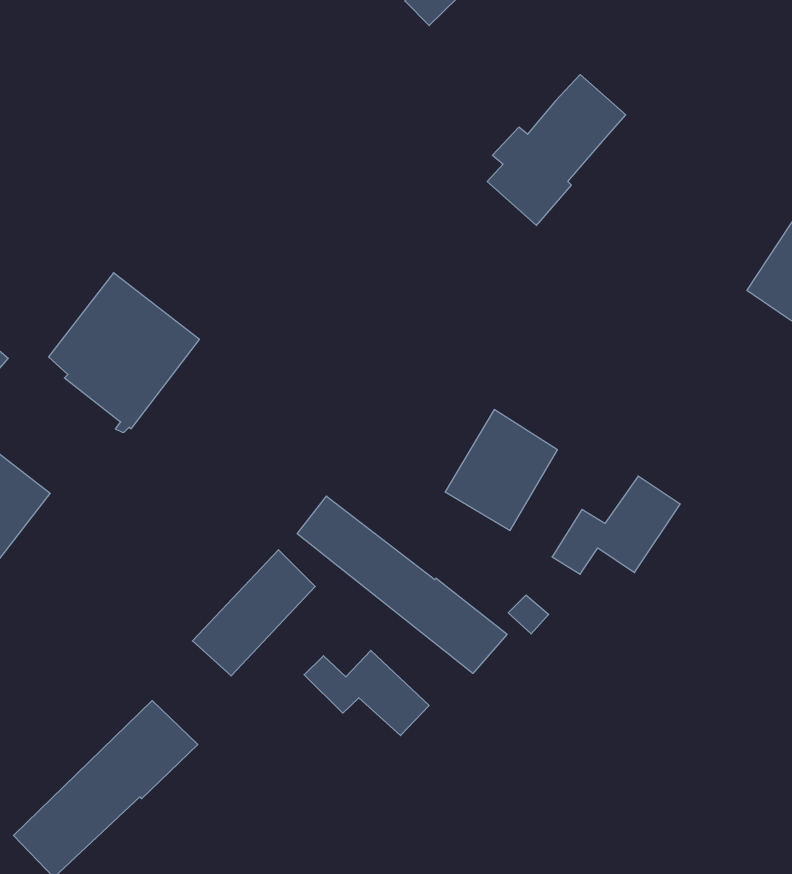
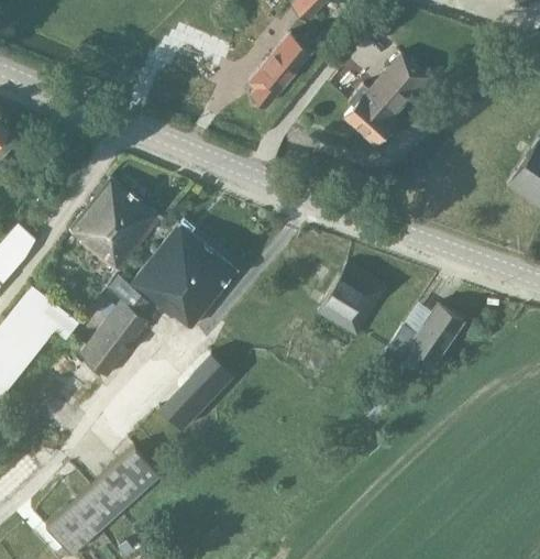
building: none -> [249,37,311,108]
building: none -> [77,222,238,377]
building: [297,496,507,673] -> none
building: [304,650,429,736] -> none

